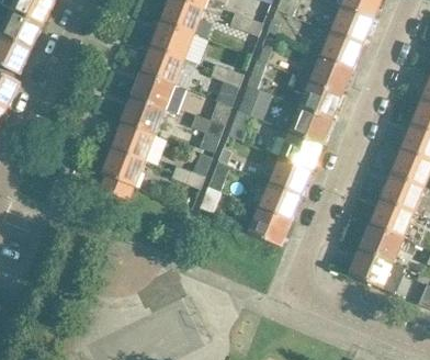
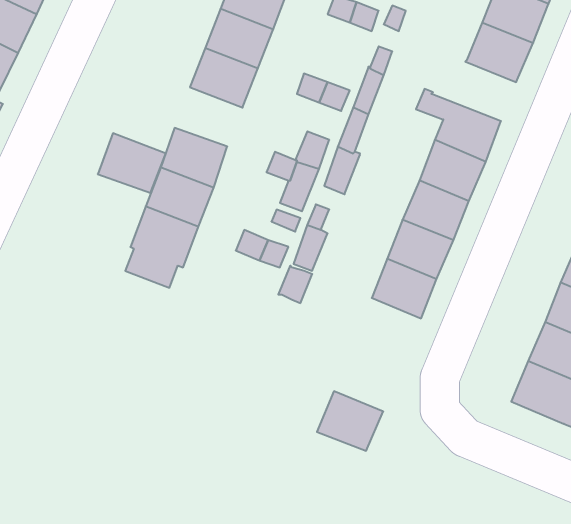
building: [296,48,351,92] -> none
building: [131,70,174,109] -> [98,133,166,193]
building: [247,206,290,245] -> [317,391,383,451]

